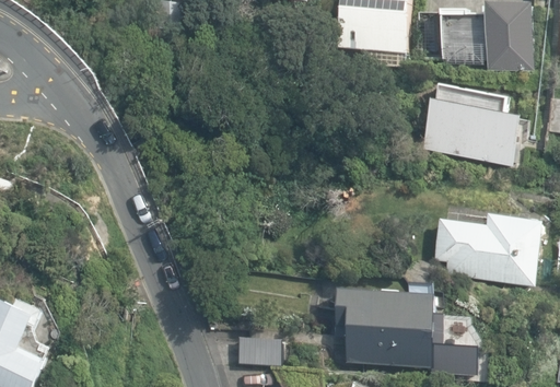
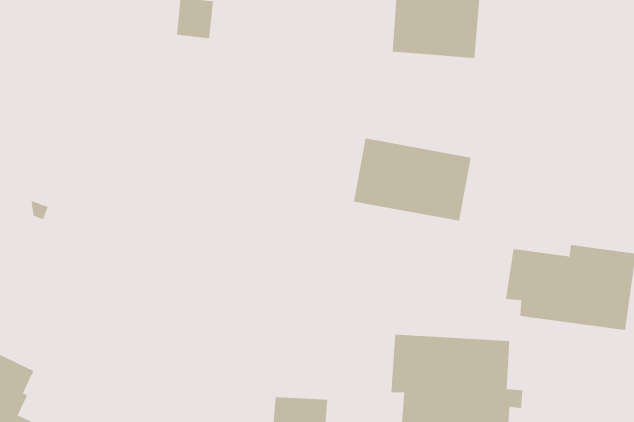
building: [443,11,530,62] -> none
building: [423,92,523,162] -> [353,138,471,221]

